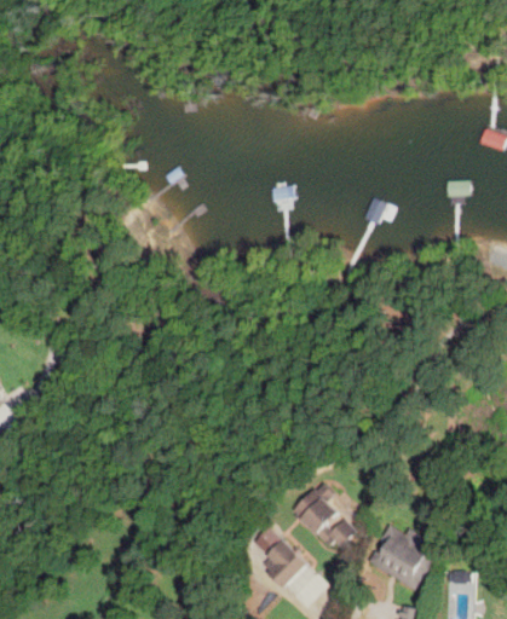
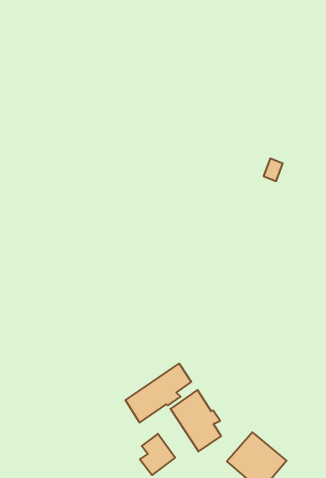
building: none -> [125,364,191,423]

